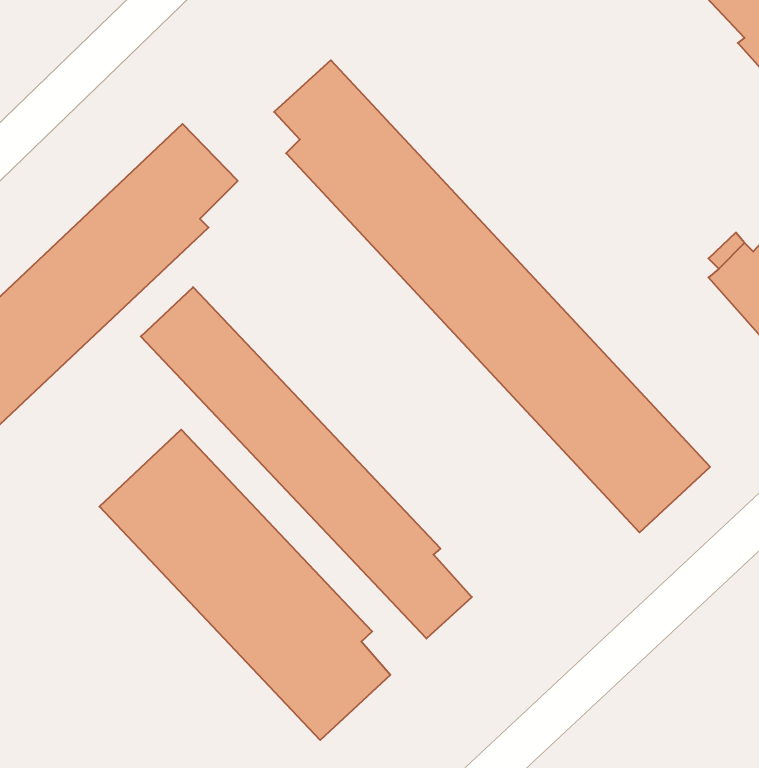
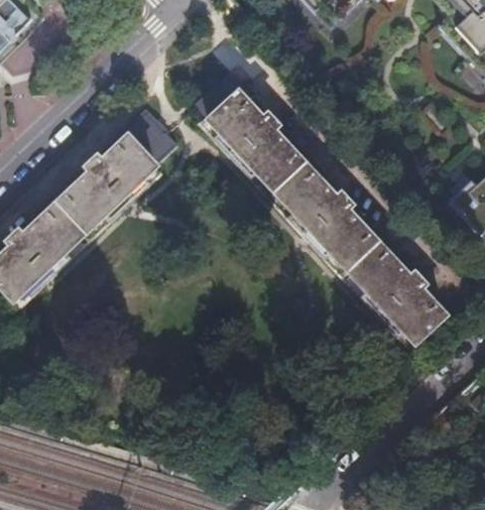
building: [141,287,472,639] -> none
building: [99,430,390,740] -> none

